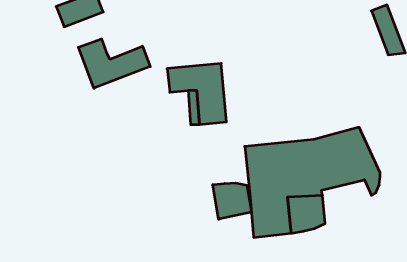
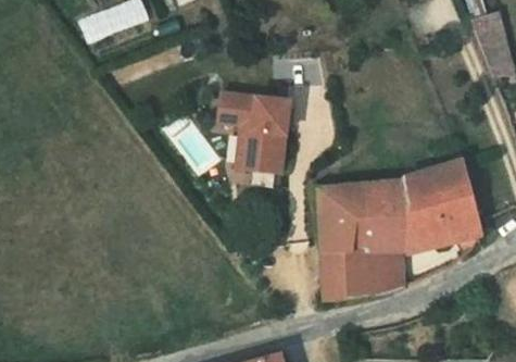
building: [78,39,150,88] -> none
building: [213,183,251,219] -> none

